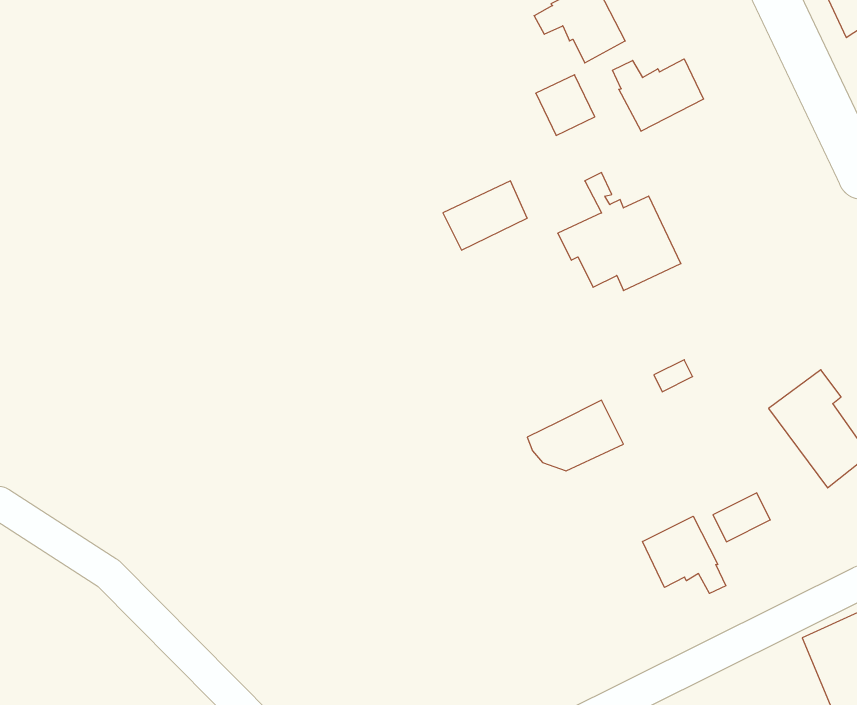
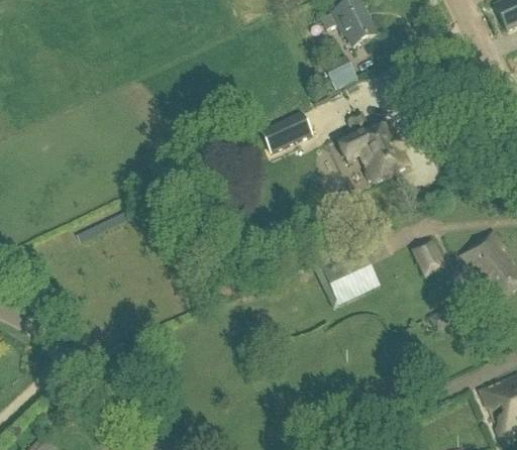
building: [612,59,704,131] -> none
building: none -> [411,237,445,274]
building: [643,516,726,593] -> none

